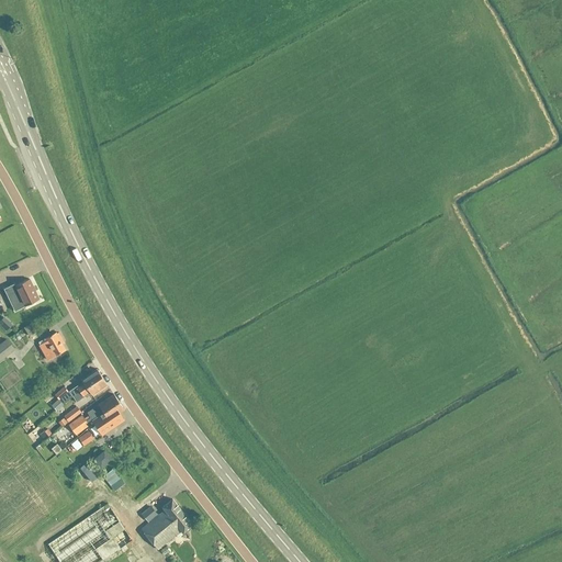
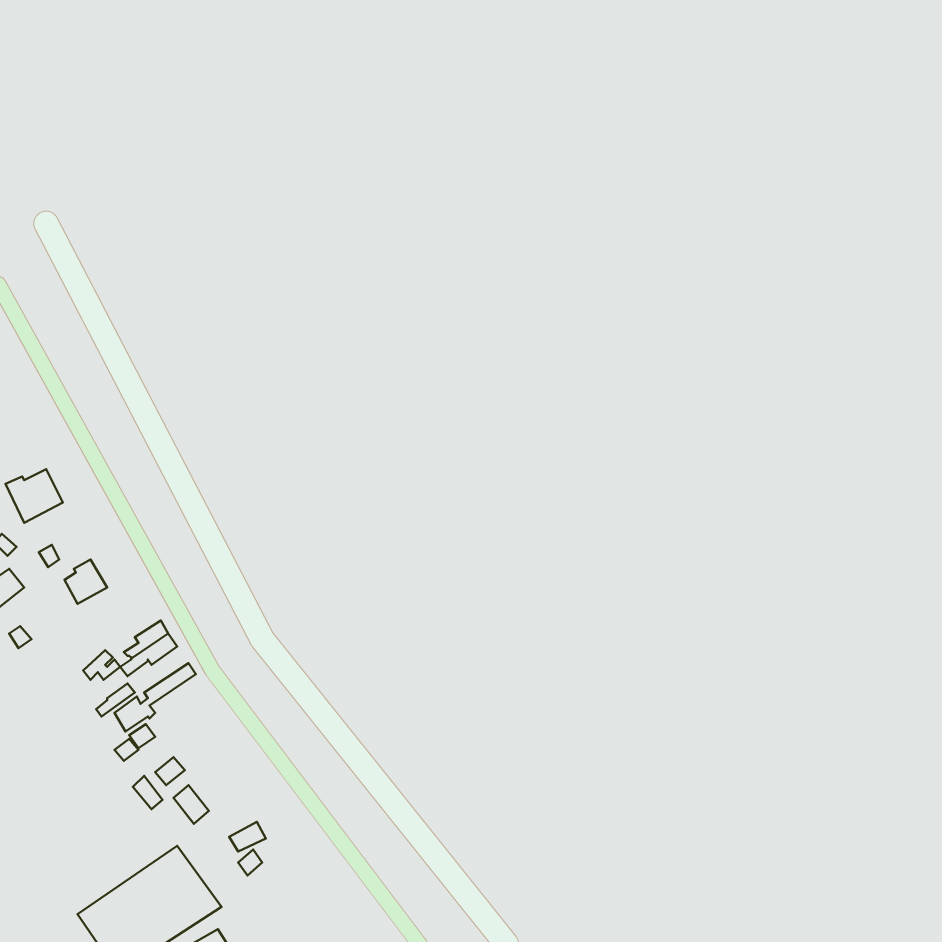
building: [89,402,123,434] -> none
building: [140,499,192,550] -> none

